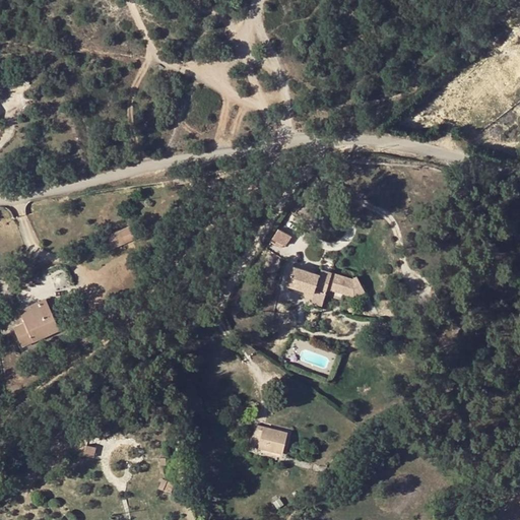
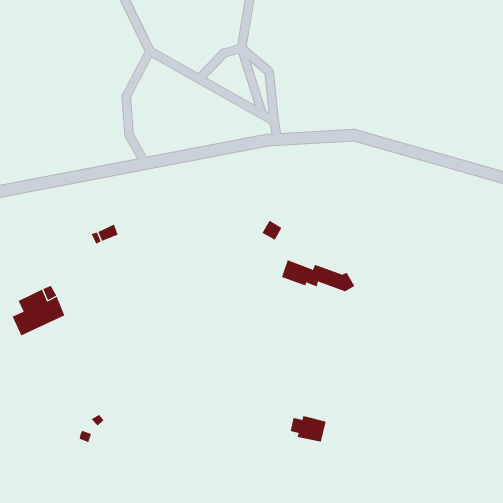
building: [249,427,286,454] -> [290,416,326,442]

